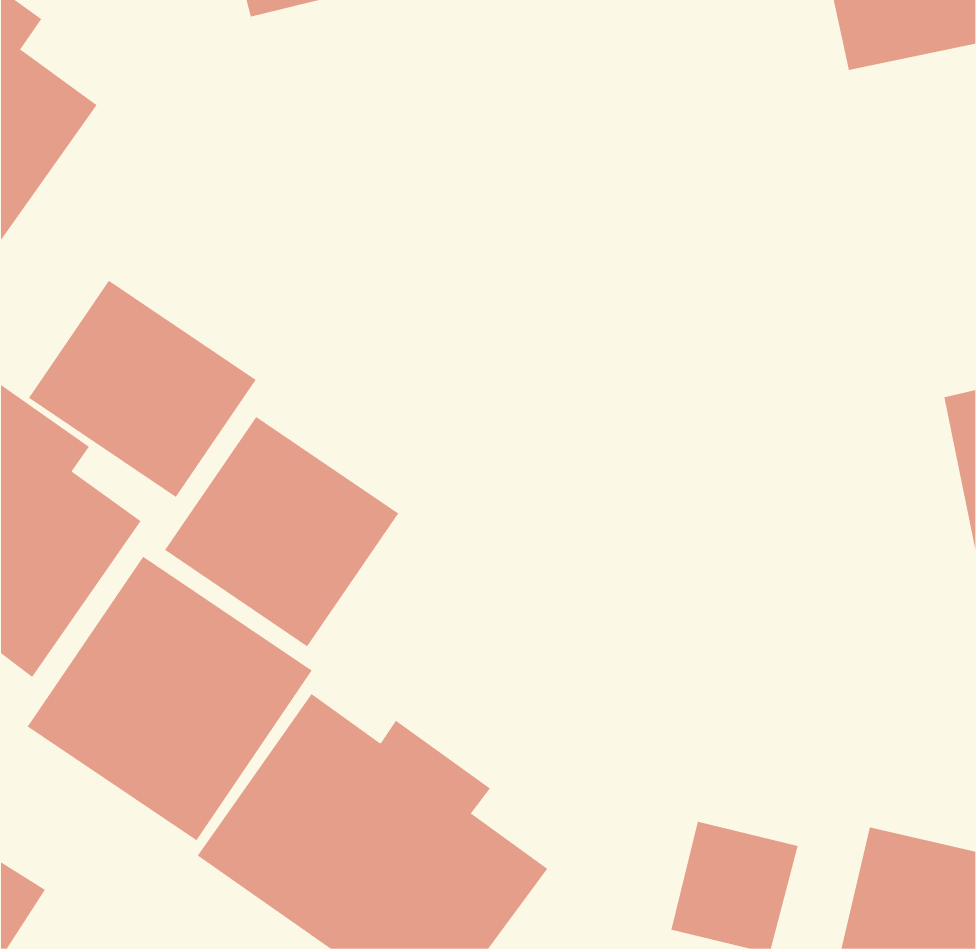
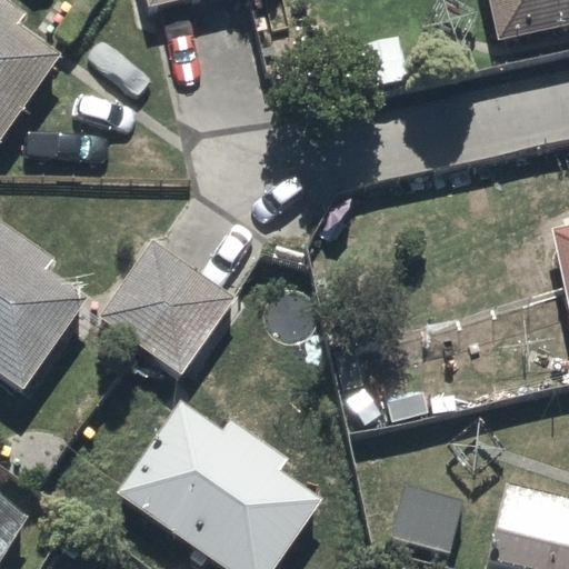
building: [28,280,256,498] -> none
building: [27,556,313,841] -> none

